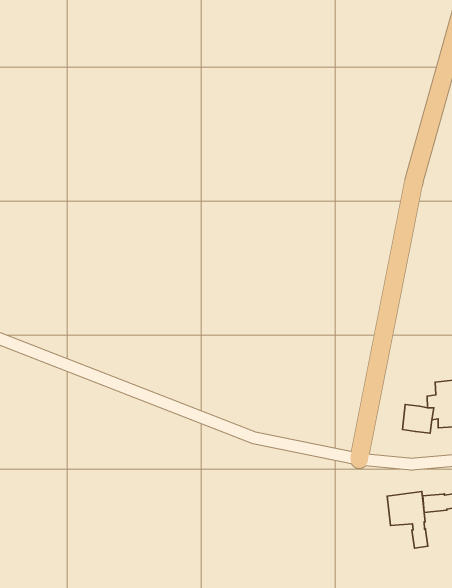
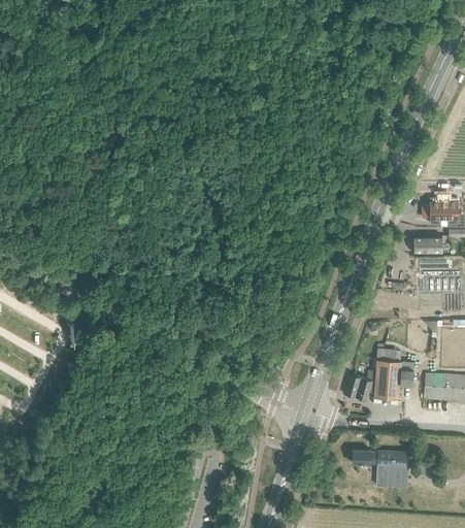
building: [387,492,428,548] -> none

